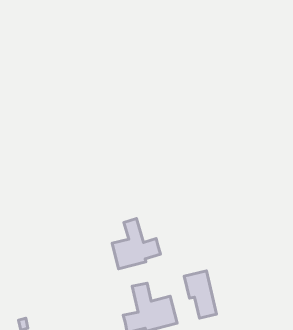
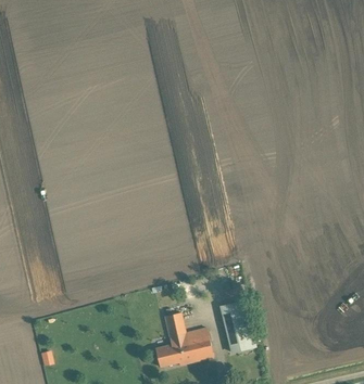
building: [112,218,161,269] -> none

